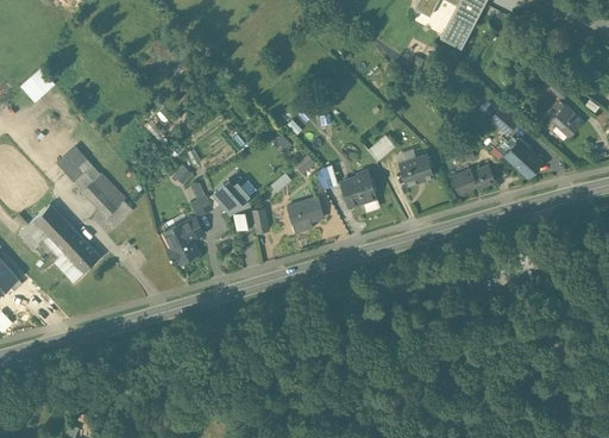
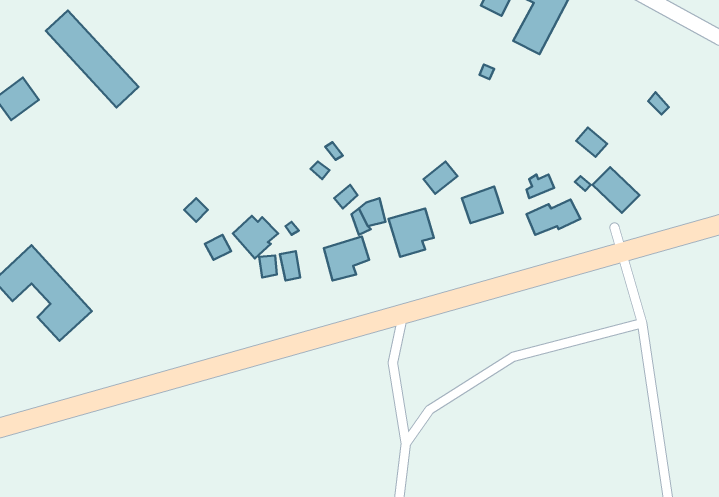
building: [550,99,582,140] -> none
building: [57,146,132,225] -> [46,10,138,107]
building: [164,217,202,263] -> none

